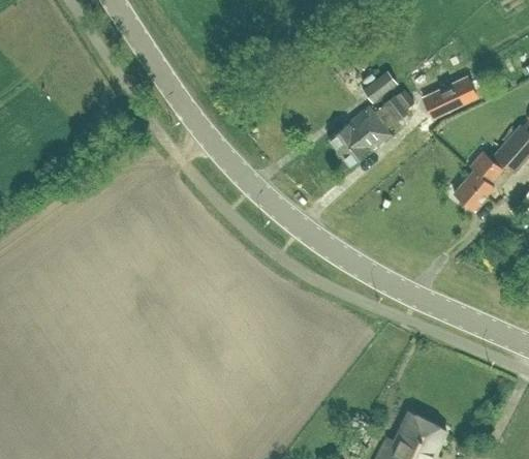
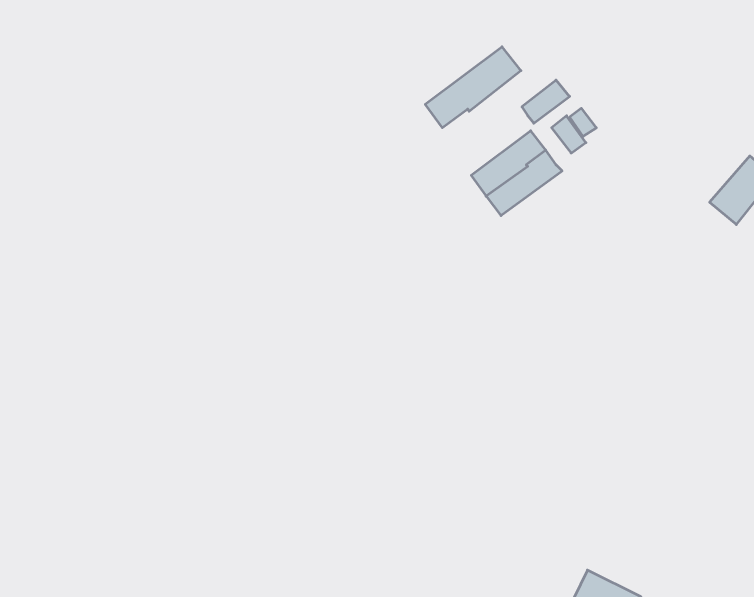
building: none -> [425,47,521,128]
building: [423,78,475,116] -> none
building: [453,151,501,209] -> none

